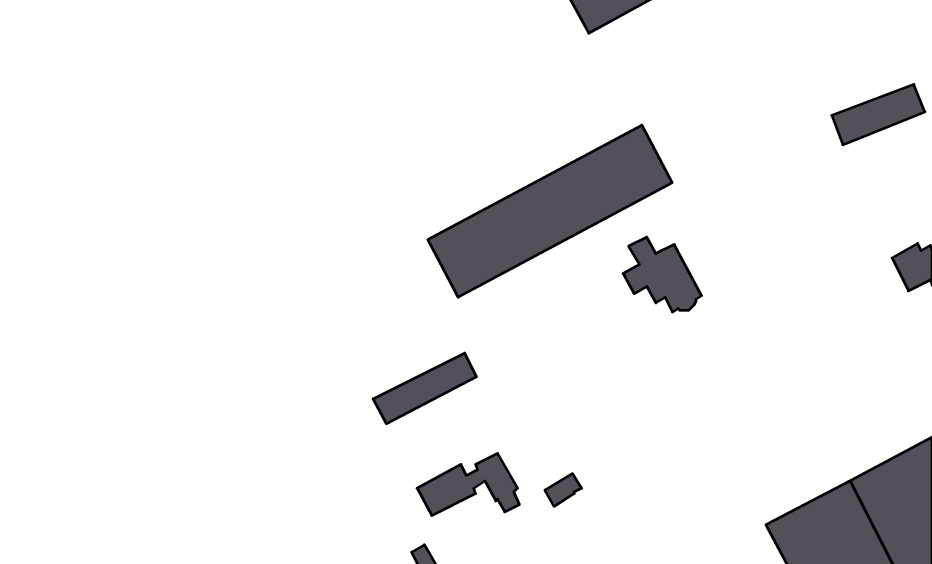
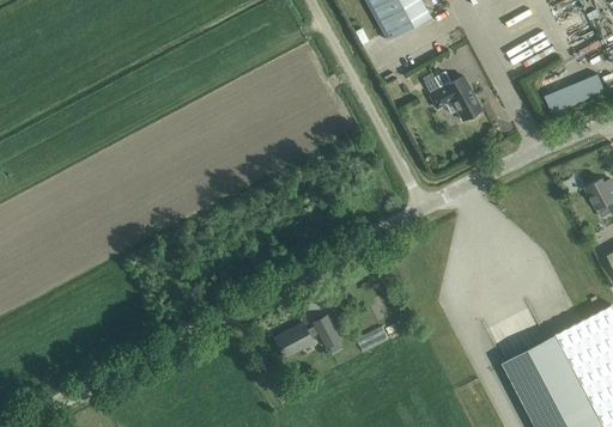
building: [428,125,672,297] -> none
building: [623,237,702,312] -> [430,71,481,120]
building: [373,353,476,424] -> none

